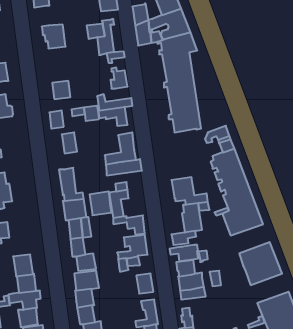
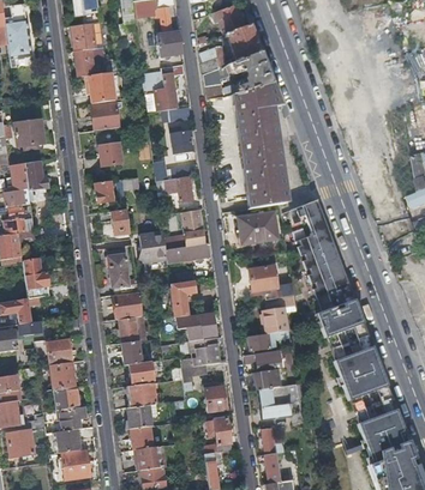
building: none -> [74,48,104,77]
building: none -> [90,102,119,131]
building: none -> [238,212,277,242]
building: [90,191,112,215] -> [139,231,167,261]
building: none -> [46,339,71,364]

